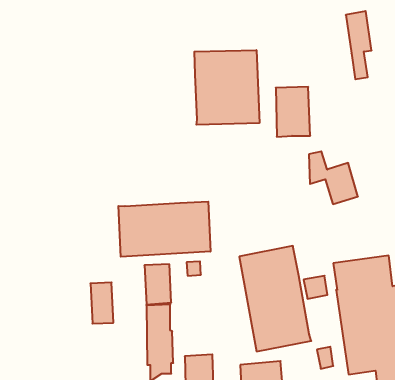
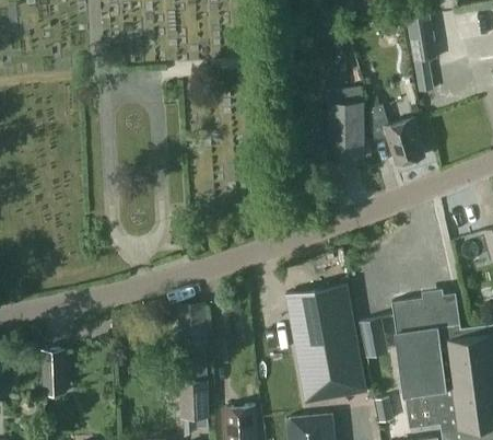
building: [194,50,259,125] -> none
building: [309,151,358,204] -> [368,106,424,166]
building: [118,202,210,257] -> none
building: [90,282,113,324] -> [40,349,67,396]

